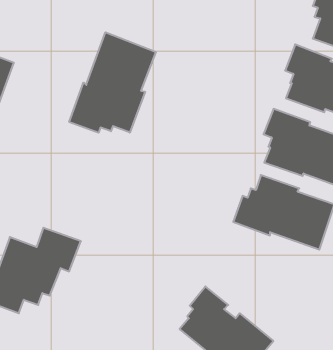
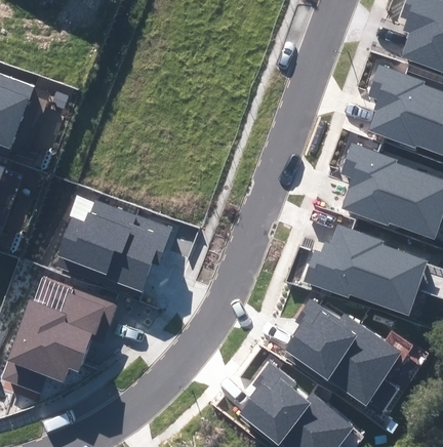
building: [69,32,156,133] -> none
building: none -> [57,198,173,296]
building: none -> [284,301,400,412]

